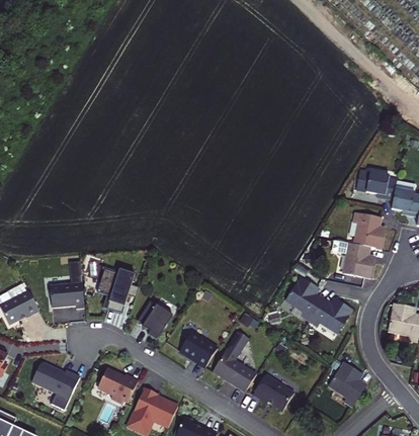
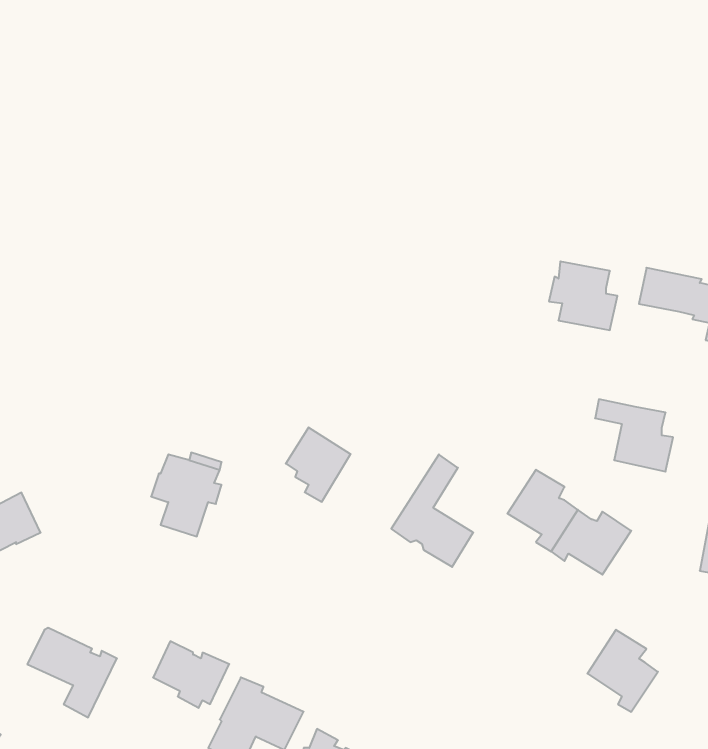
building: [349,212,386,249] -> [549,261,617,330]
building: [50,282,84,308] -> none
building: [138,300,172,340] -> [286,427,351,502]
building: [179,331,218,366] -> none
building: [213,332,256,391] -> [391,454,473,567]
building: [253,374,295,411] -> none

